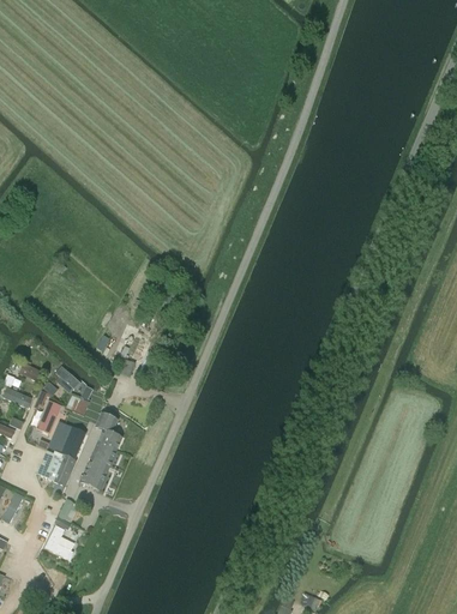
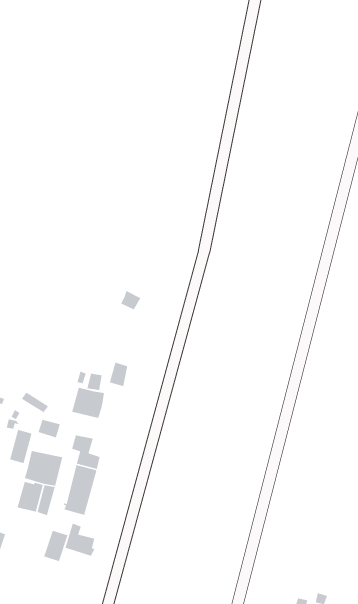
building: none -> [71,387,105,419]
building: [44,525,74,560] -> [64,522,95,557]

